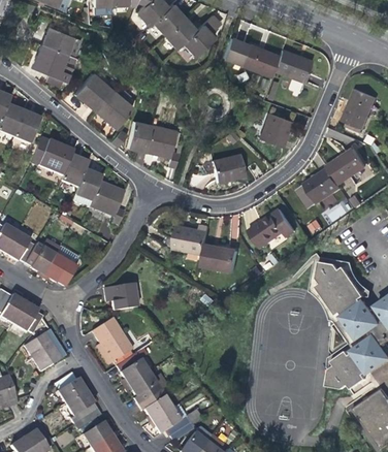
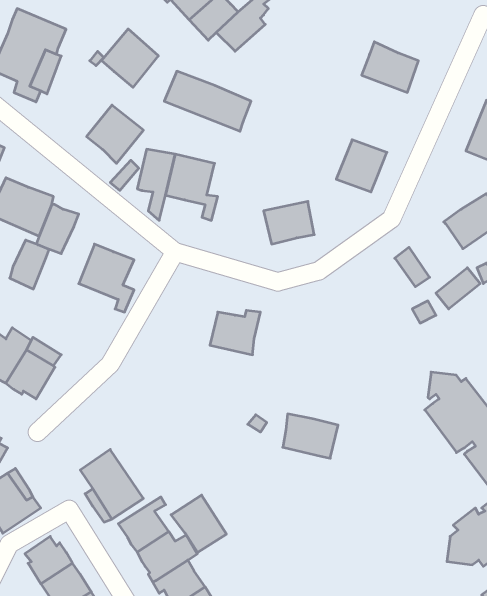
building: [222,37,279,76] -> [164,71,251,131]
building: [73,72,110,110] -> [101,29,158,87]
building: [304,167,342,202] -> none
building: [75,169,101,201] -> [10,240,49,289]
building: [249,207,295,247] -> none
building: [200,243,236,271] -> [283,414,338,458]
building: [102,281,135,309] -> none
building: none -> [171,495,226,553]

